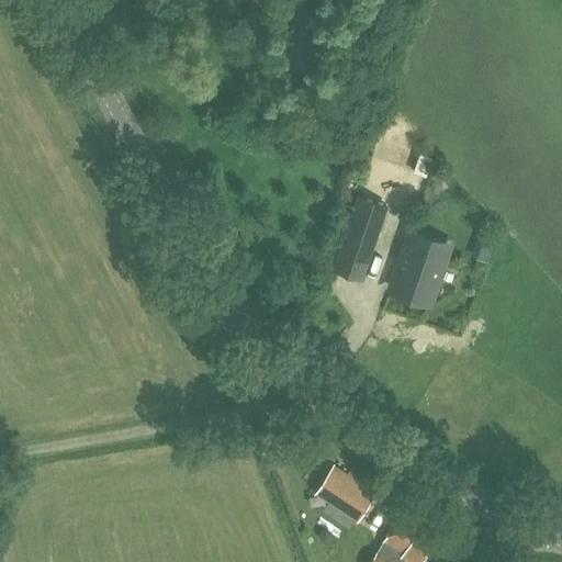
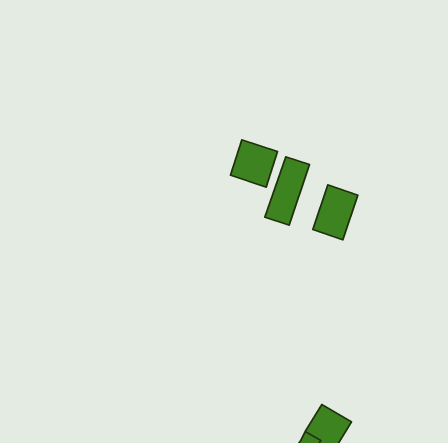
building: none -> [231,140,277,187]
building: [316,469,376,525] -> none

